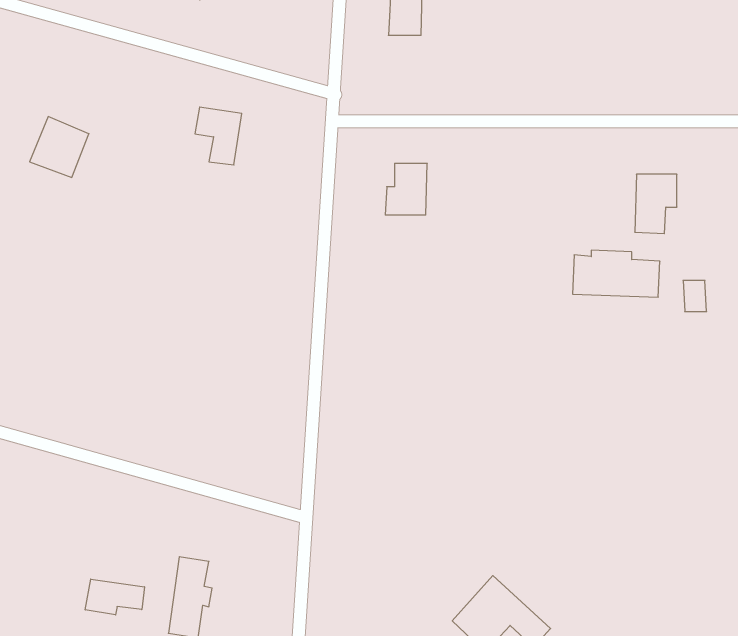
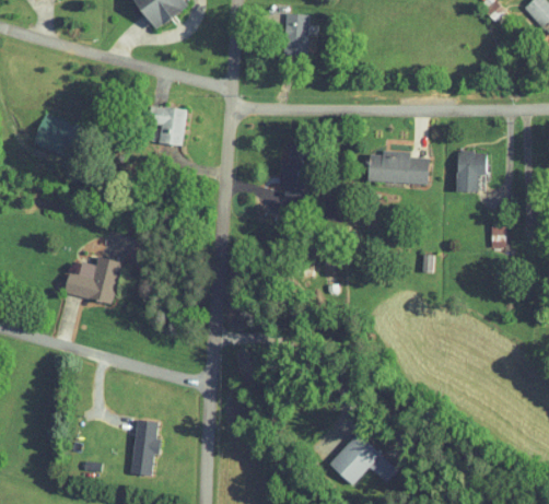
building: [573,250,660,297] -> [369,150,430,183]
building: none -> [65,256,121,303]
building: [85,579,144,615] -> none

